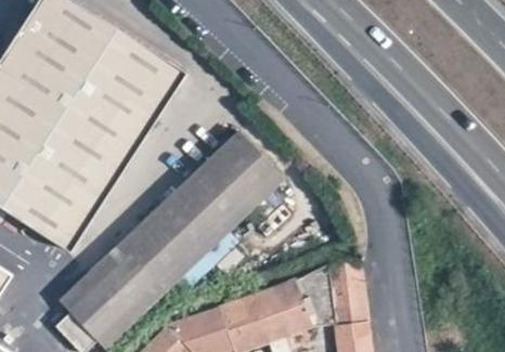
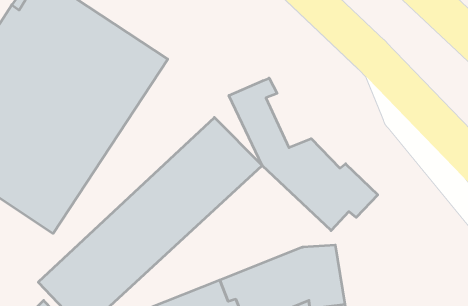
building: none -> [229,78,378,231]

